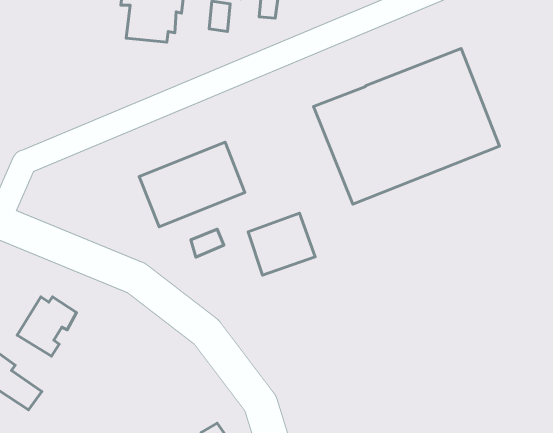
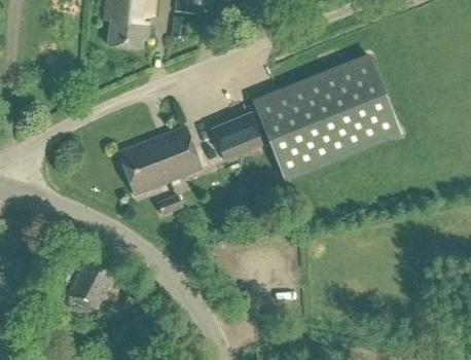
building: [248,213,315,275] -> [212,113,264,161]
building: [17,297,76,356] -> [68,261,114,308]

